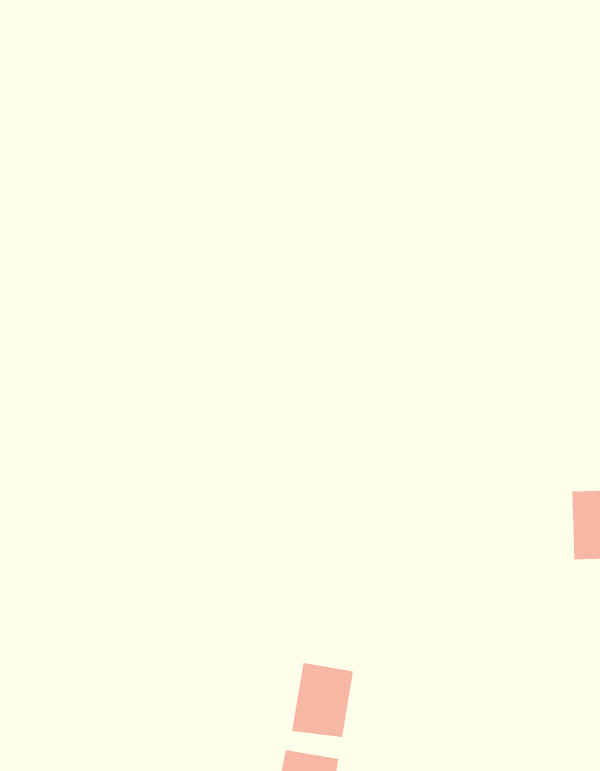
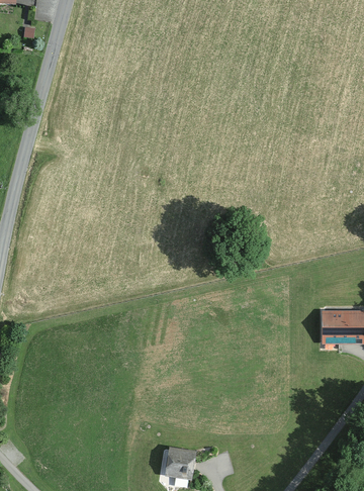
building: [292,662,353,738] -> none

